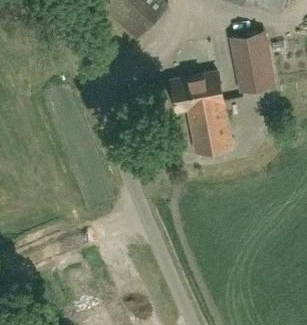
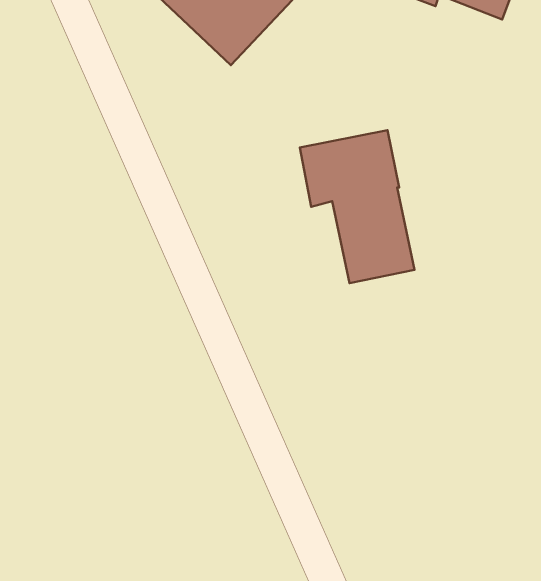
building: [230,32,274,92] -> none

